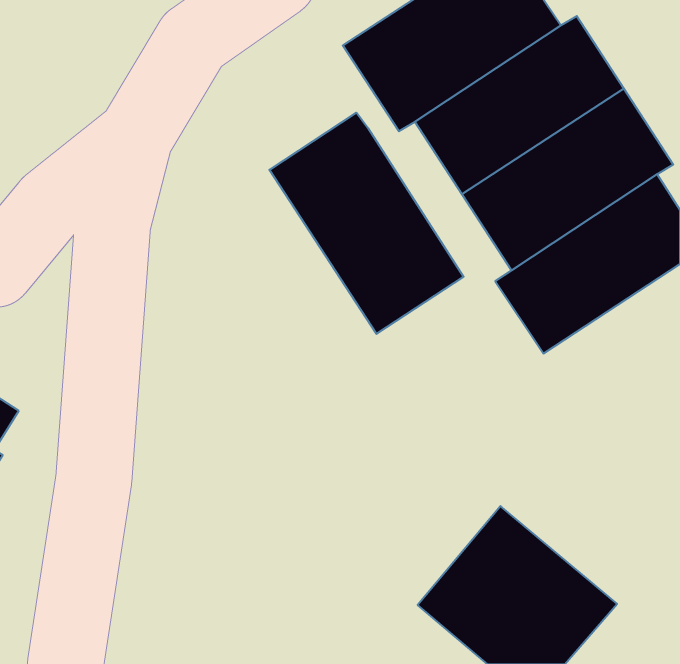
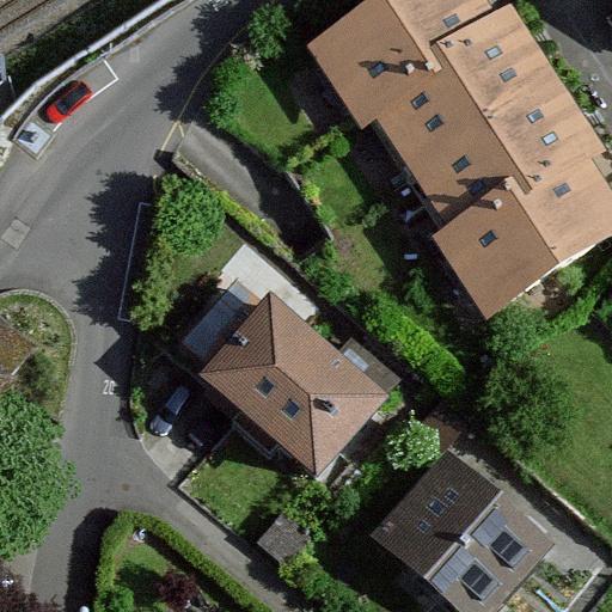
building: [269,113,464,334] -> none
building: none -> [179,274,393,481]

